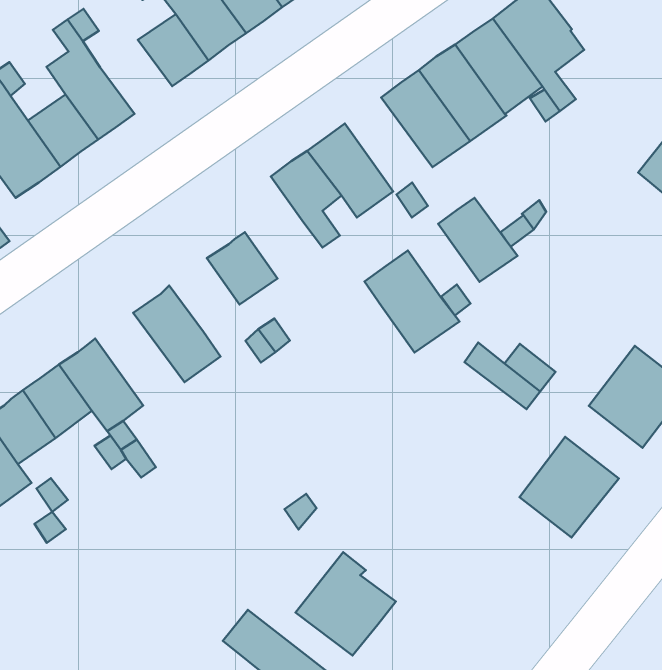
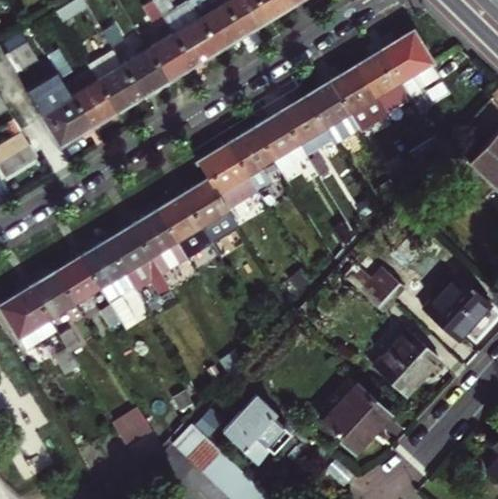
building: none -> [122,48,168,96]
building: [438,198,517,282] -> [279,98,329,153]
building: [364,250,459,352] -> [198,144,258,211]
building: none -> [156,194,201,242]
building: none -> [105,226,171,298]
building: none -> [323,383,389,451]
building: none -> [113,410,153,448]

